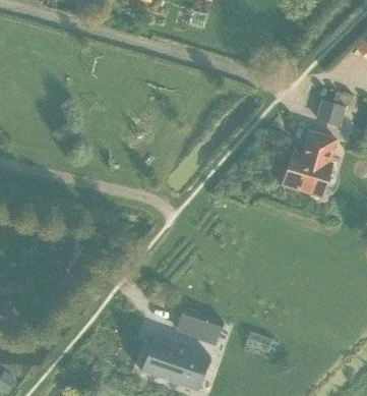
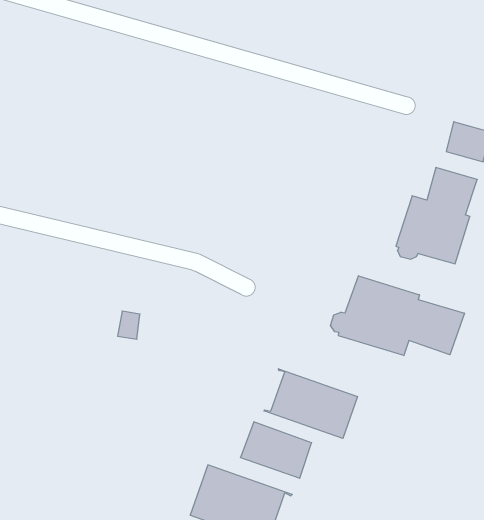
building: none -> [330,276,464,356]
building: none -> [264,369,357,438]

